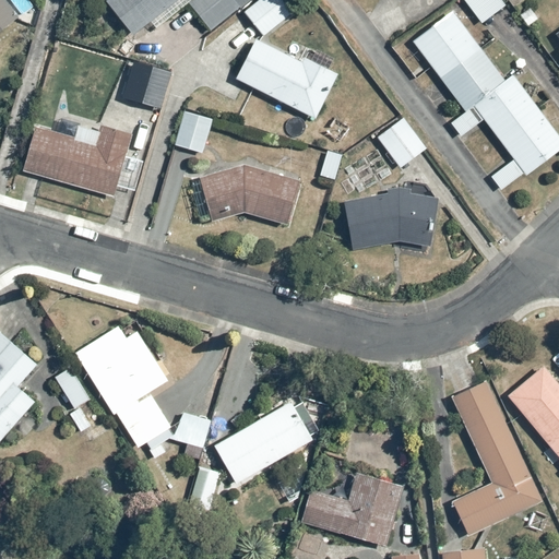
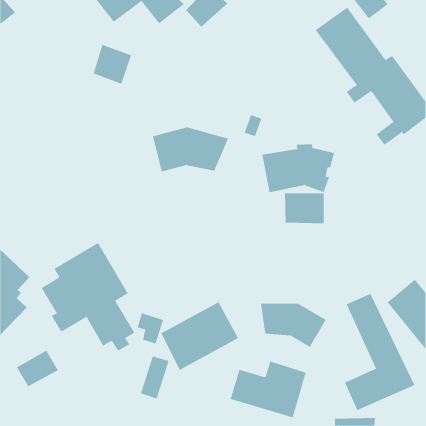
building: [233,37,341,120] -> none
building: [174,108,213,153] -> none
building: [377,116,427,168] -> none
building: [21,120,144,195] -> none
building: none -> [285,192,324,224]
building: none -> [261,303,326,348]
building: none -> [16,350,59,387]

